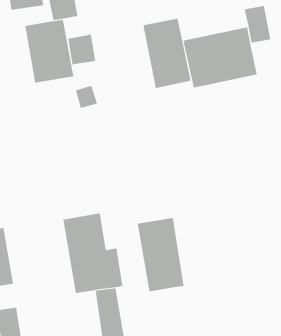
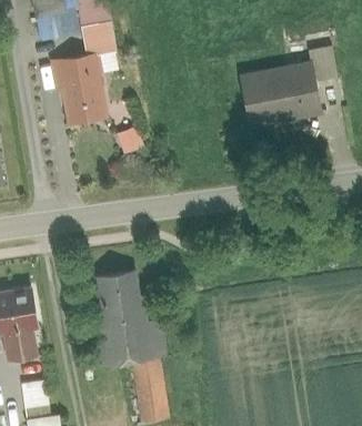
building: [143,18,191,89] -> none
building: [68,34,96,65] -> none
building: [137,217,184,292] -> none

